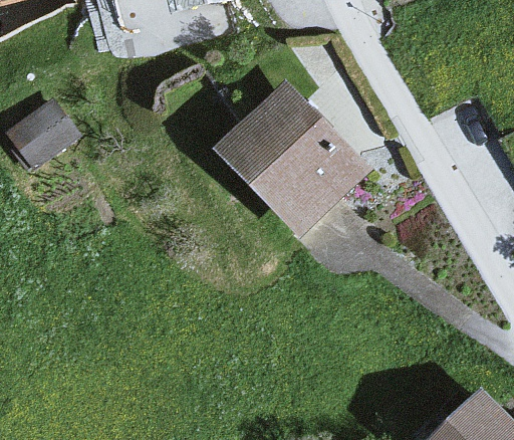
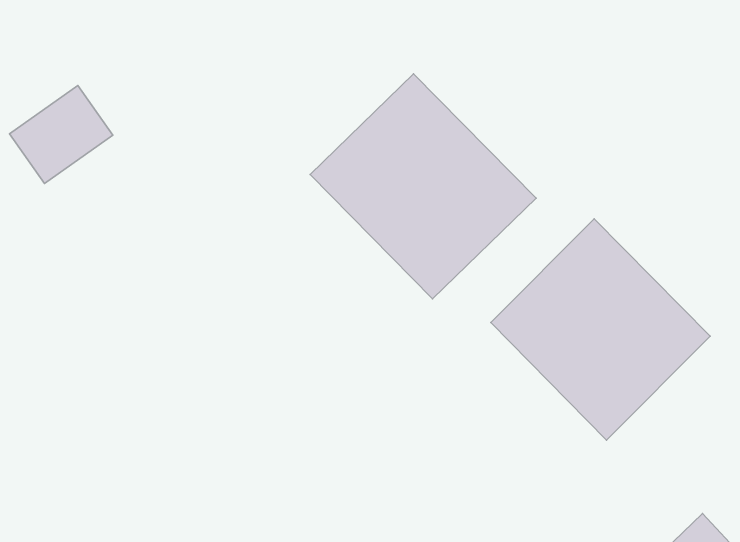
building: none -> [491,219,710,440]

